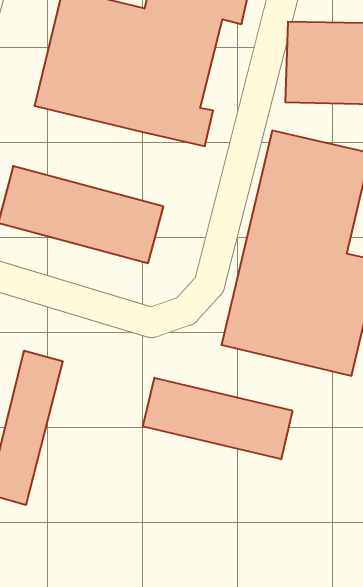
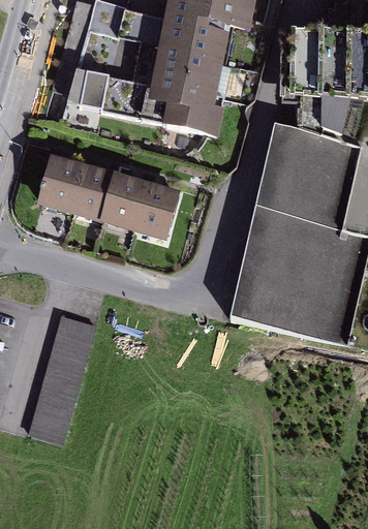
building: [143,378,292,459] -> none

